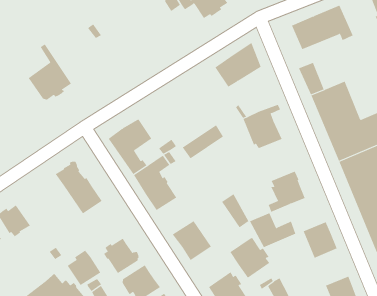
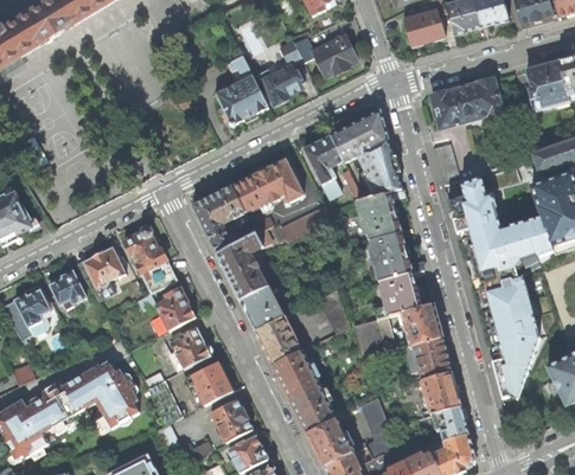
building: none -> [262,65,301,103]
building: [28,43,72,100] -> [216,54,268,123]
building: none -> [357,141,402,194]
building: none -> [304,135,344,198]
building: none -> [232,158,304,211]
building: none -> [370,231,423,281]
building: none -> [76,246,126,288]
building: none -> [402,302,442,345]
building: none -> [239,285,282,329]
building: [229,236,270,278] -> [273,348,320,398]
building: none -> [422,371,461,413]
building: [67,250,101,286] -> [155,287,196,329]

